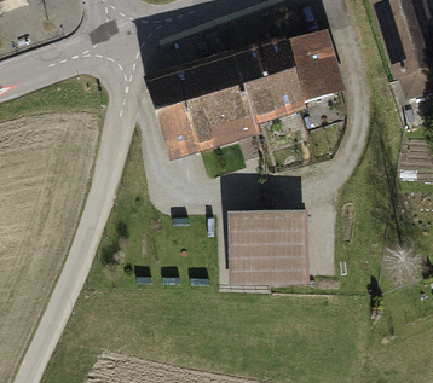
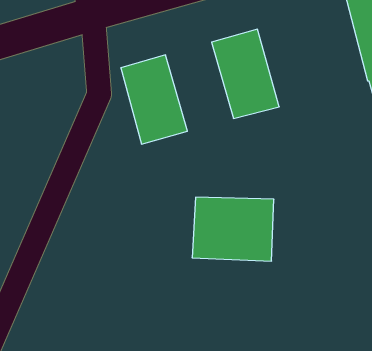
building: [279,24,351,117] -> none
building: [187,56,260,147] -> none

